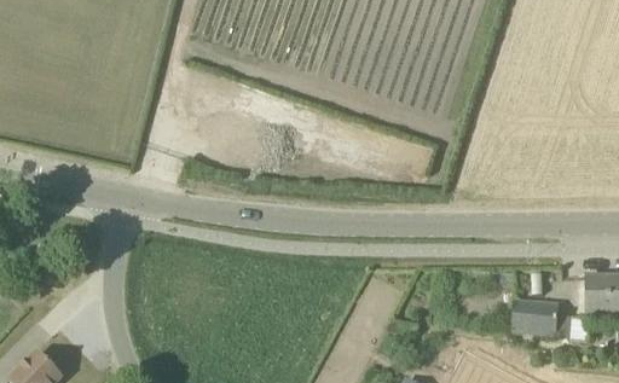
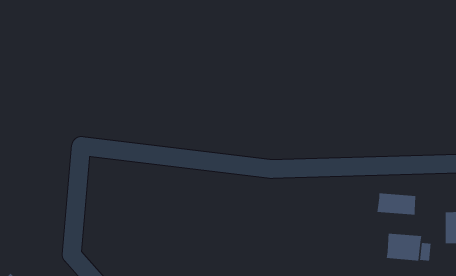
building: none -> [377,193,416,216]

